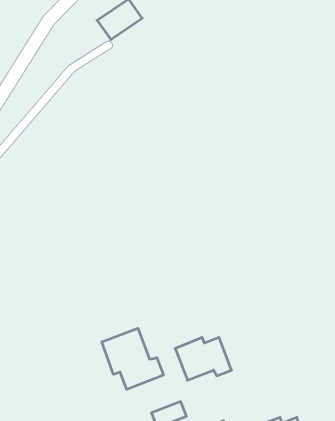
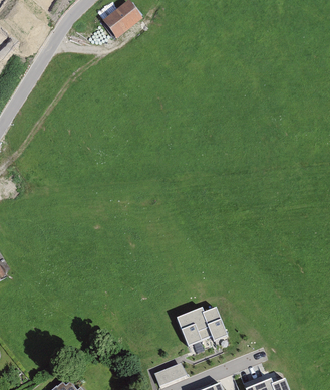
building: [102,328,163,389] -> none

